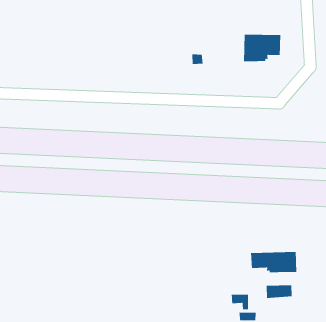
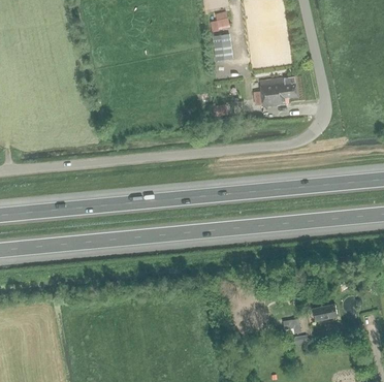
building: [250,251,297,273] -> none

